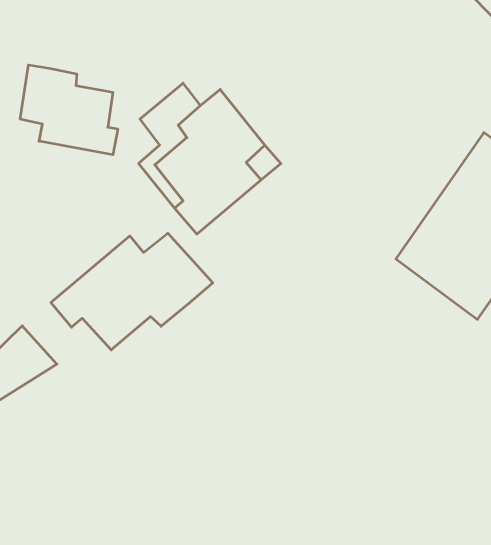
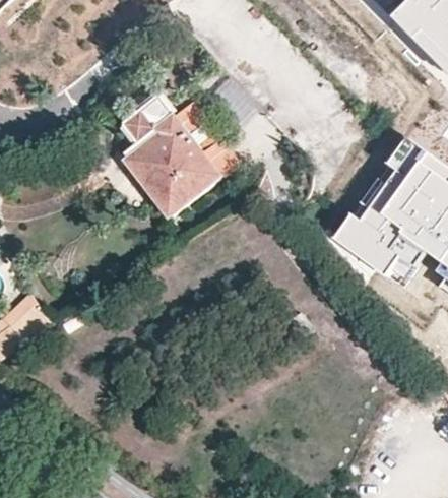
building: [20,65,118,155] -> none
building: [51,233,213,350] -> none

